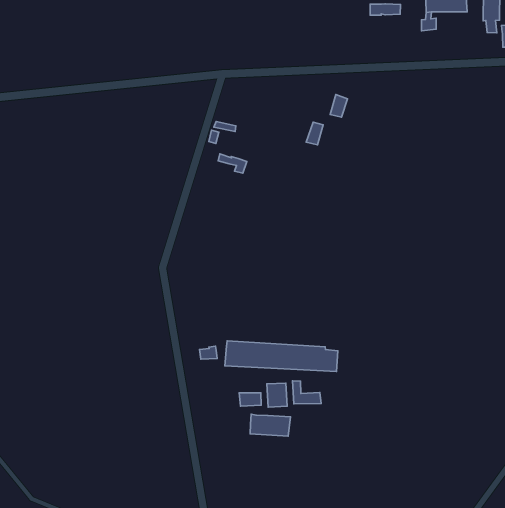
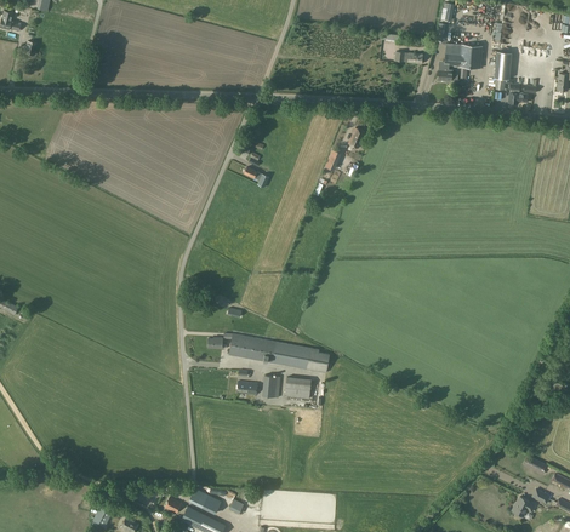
building: [250,414,290,436] -> none

